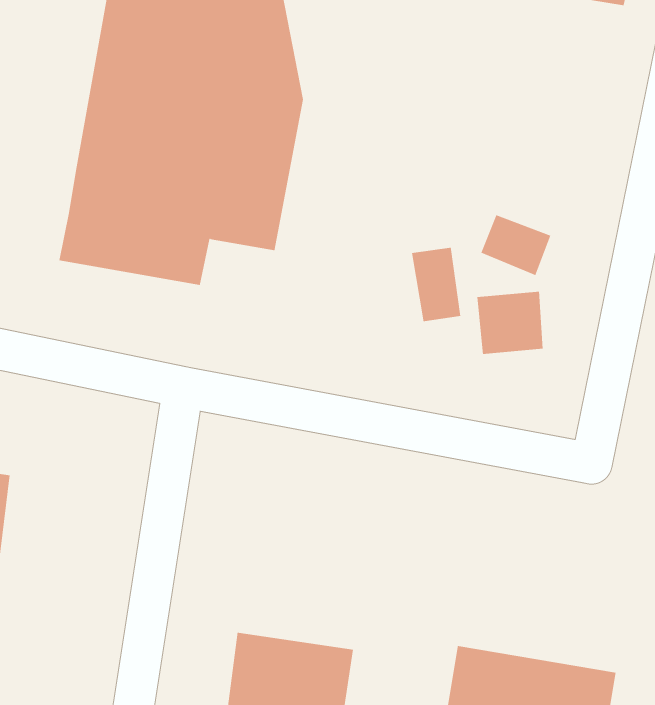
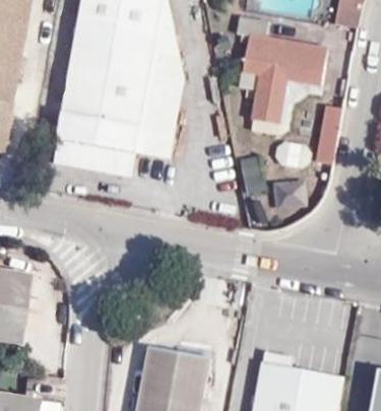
building: none -> [239,29,324,121]
building: none -> [318,102,342,161]

